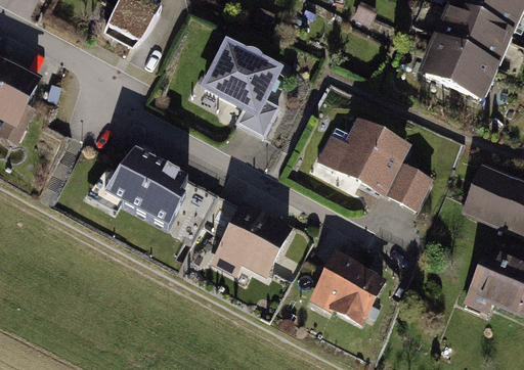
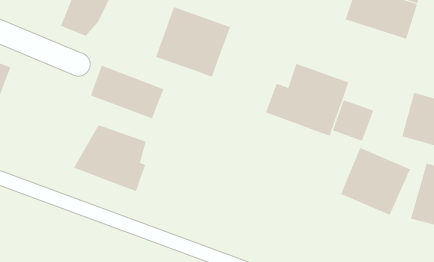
building: none -> [90,65,164,119]
building: [233,99,281,139] -> none
building: [207,201,294,279] -> none
building: [306,247,388,327] -> [340,147,411,215]

